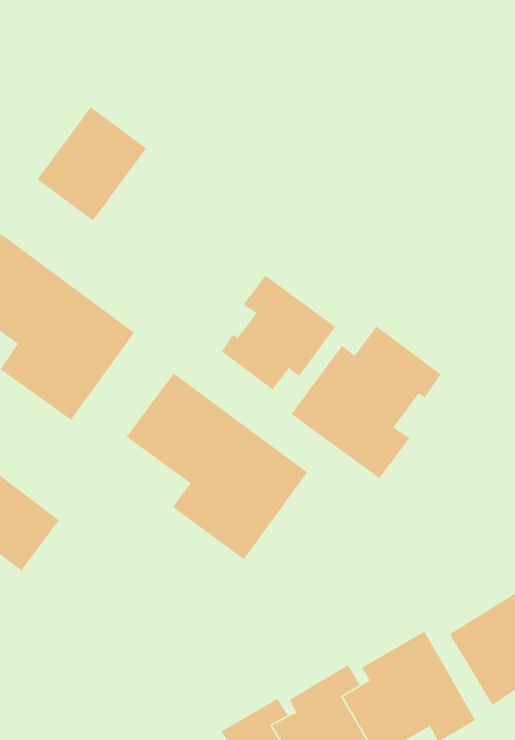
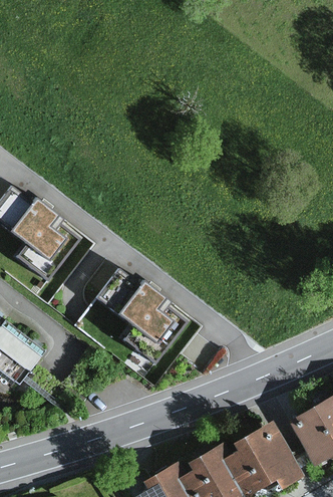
building: [36,106,147,222] -> none
building: [221,274,336,391] -> none
building: [291,325,441,479] -> none

